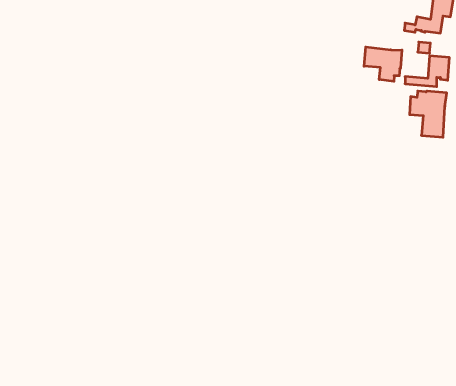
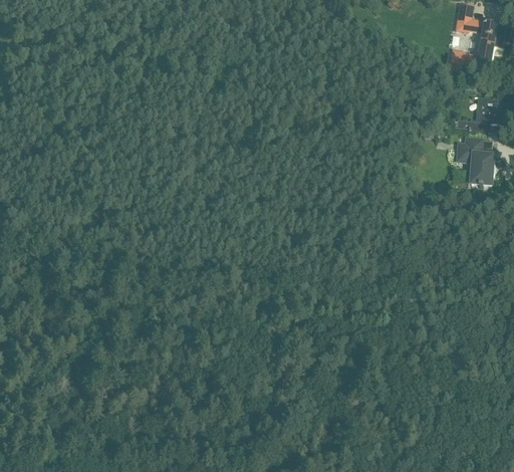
building: [364,47,402,81] -> none

